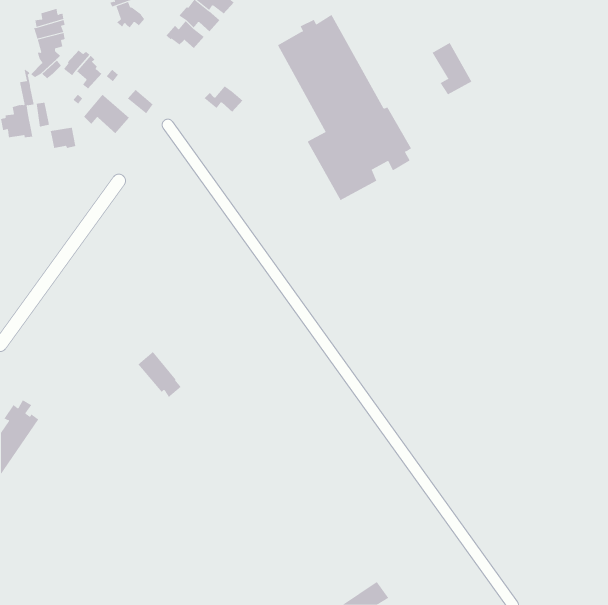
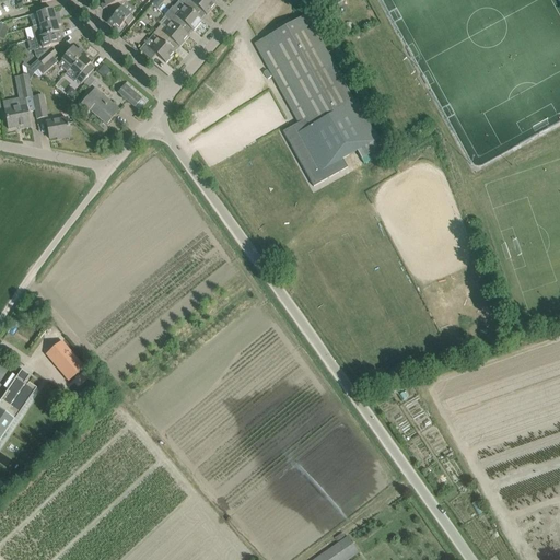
building: [432,42,472,95] -> none
building: [204,85,243,112] -> [139,36,175,61]
building: [138,351,182,398] -> [47,340,88,383]

